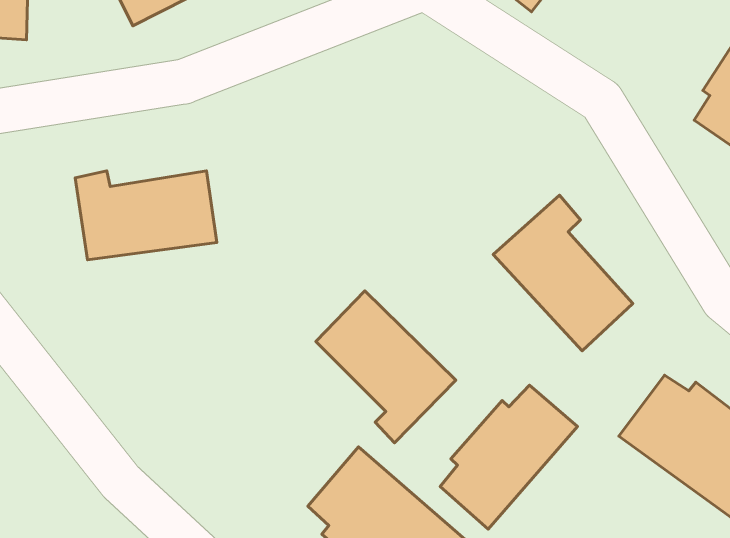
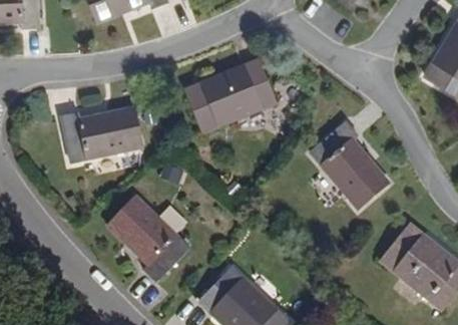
building: none -> [197,62,288,133]
building: [316,291,456,443] -> [114,190,194,277]
building: [440,385,578,529] -> none

